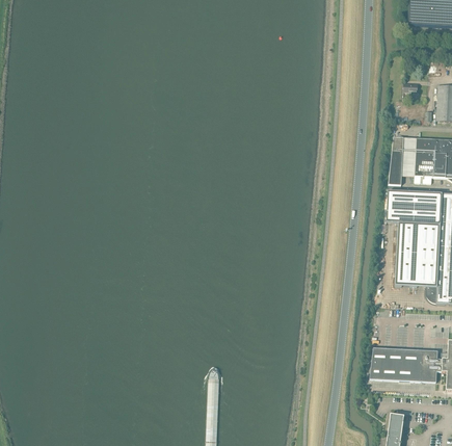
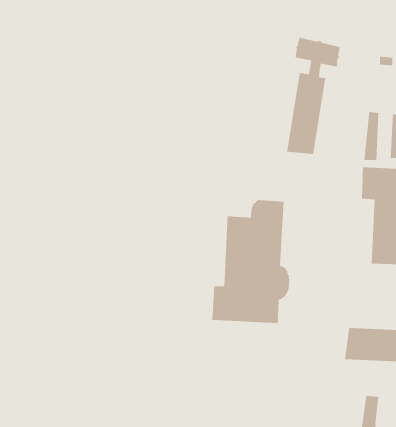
building: none -> [287,37,340,155]
building: none -> [212,199,290,324]

